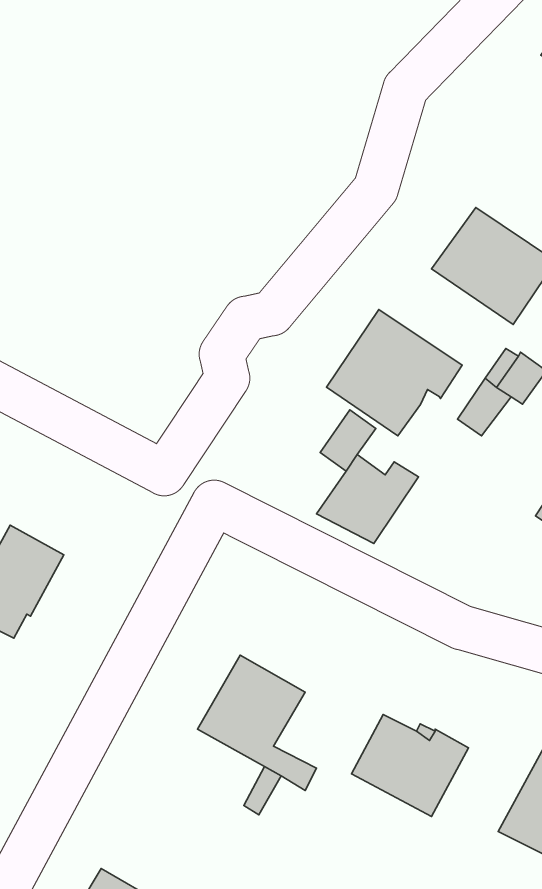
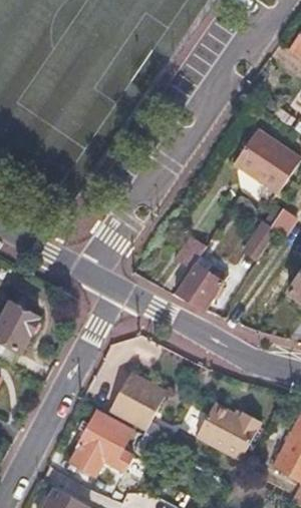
building: [326,310,462,436] -> none
building: none -> [70,411,132,473]

